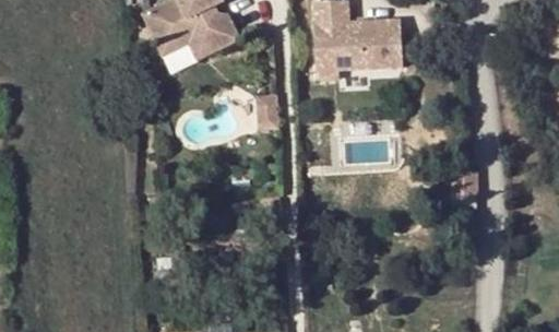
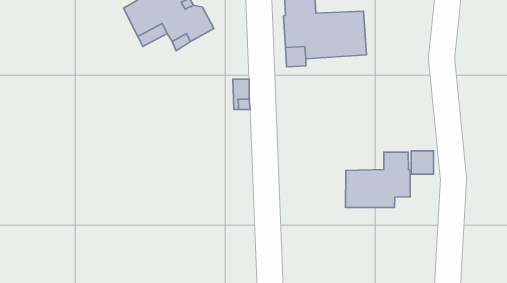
building: none -> [346,152,410,207]

